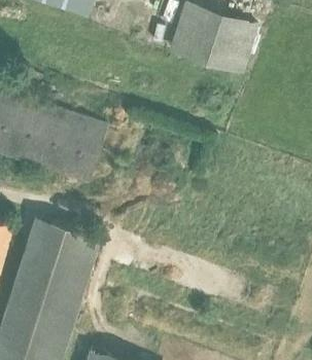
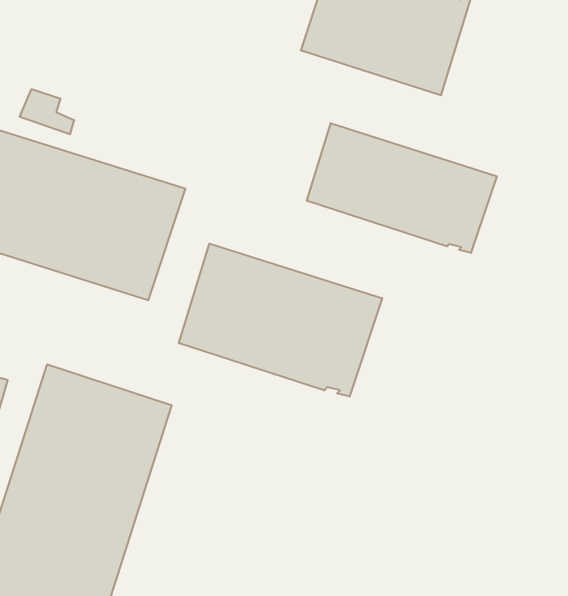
building: none -> [307,123,497,253]
building: none -> [179,244,382,397]

